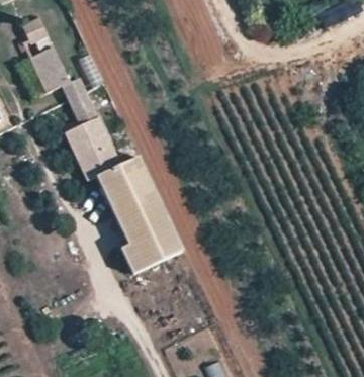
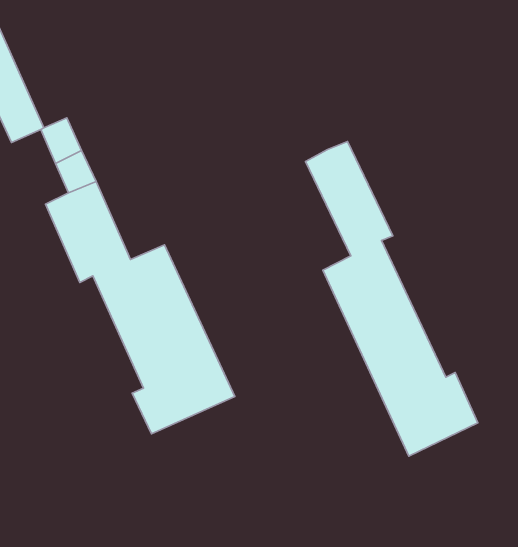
building: none -> [305,142,478,456]

